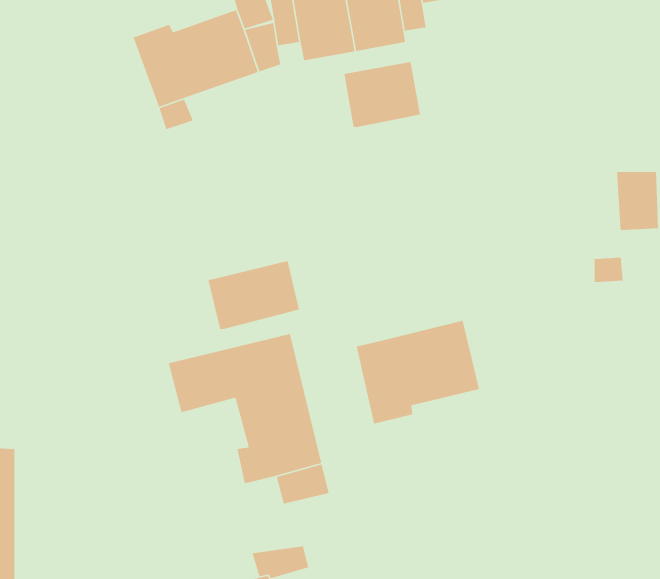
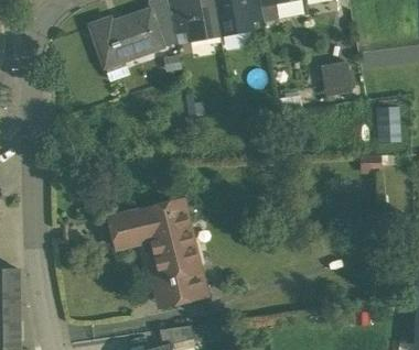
building: [343,61,421,128] -> none
building: none -> [321,62,352,92]
building: [207,260,300,330] -> none
building: [356,320,480,425] -> none

